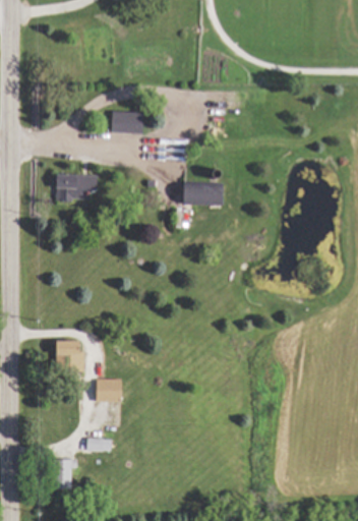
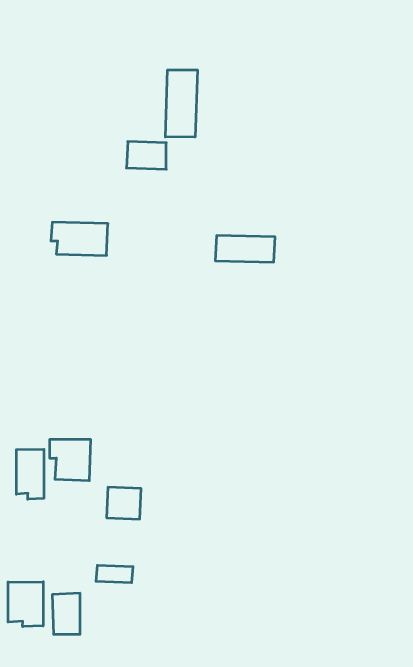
building: none -> [165,70,197,137]
building: none -> [16,449,44,499]
building: none -> [8,582,43,627]

